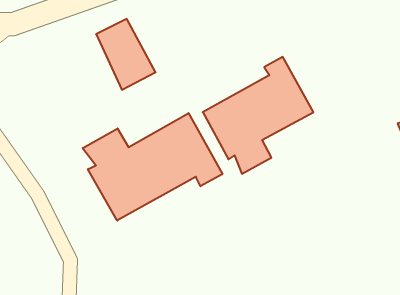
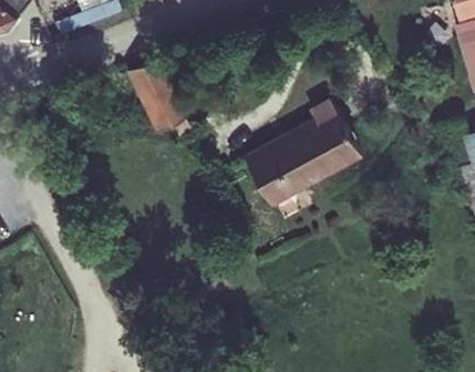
building: [83,113,222,221] -> none

